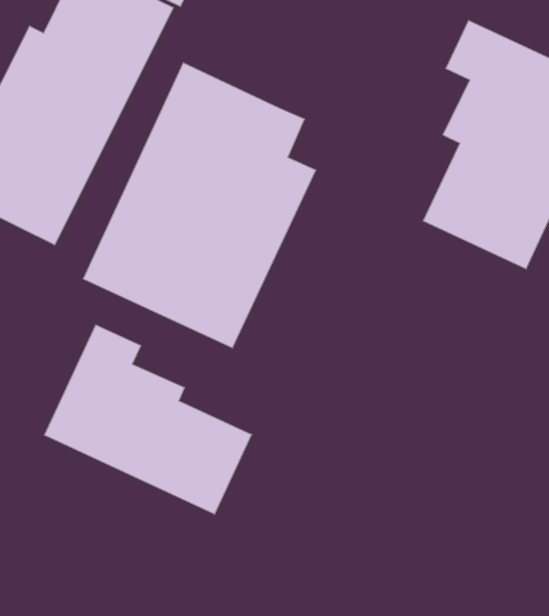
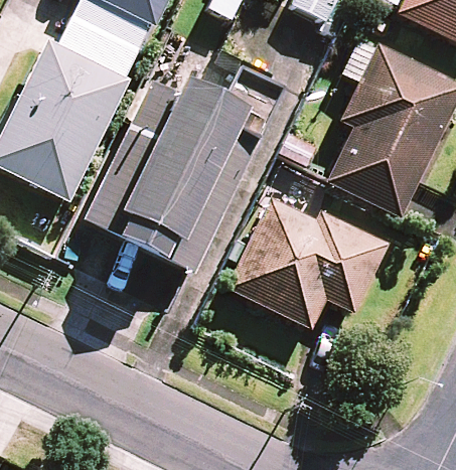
building: none -> [229,199,389,327]
building: [45,325,252,514] -> none

